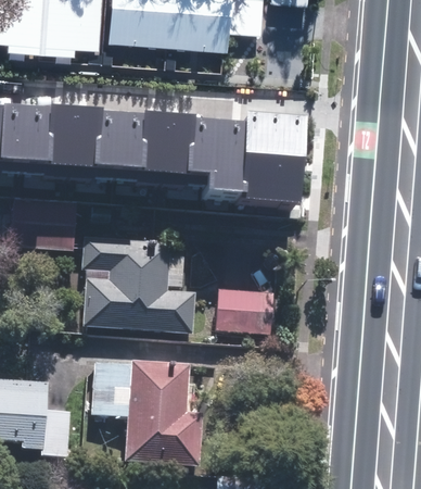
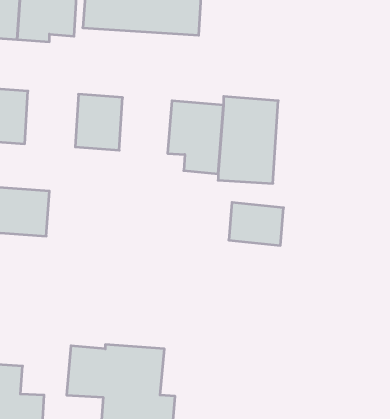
building: [49,102,103,165] -> none
building: [143,110,197,173] -> none
building: [81,239,193,331] -> none
building: [214,291,269,335] -> [229,202,284,245]

